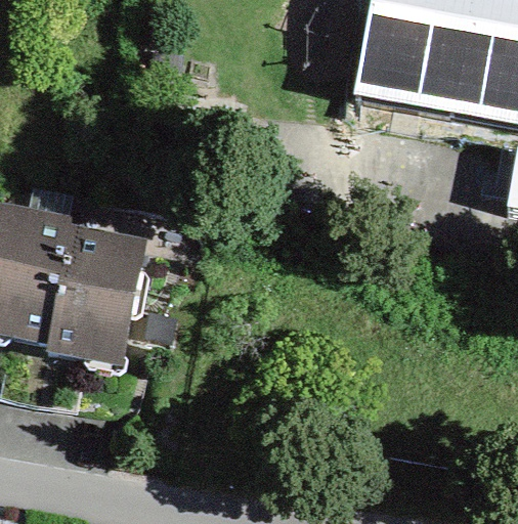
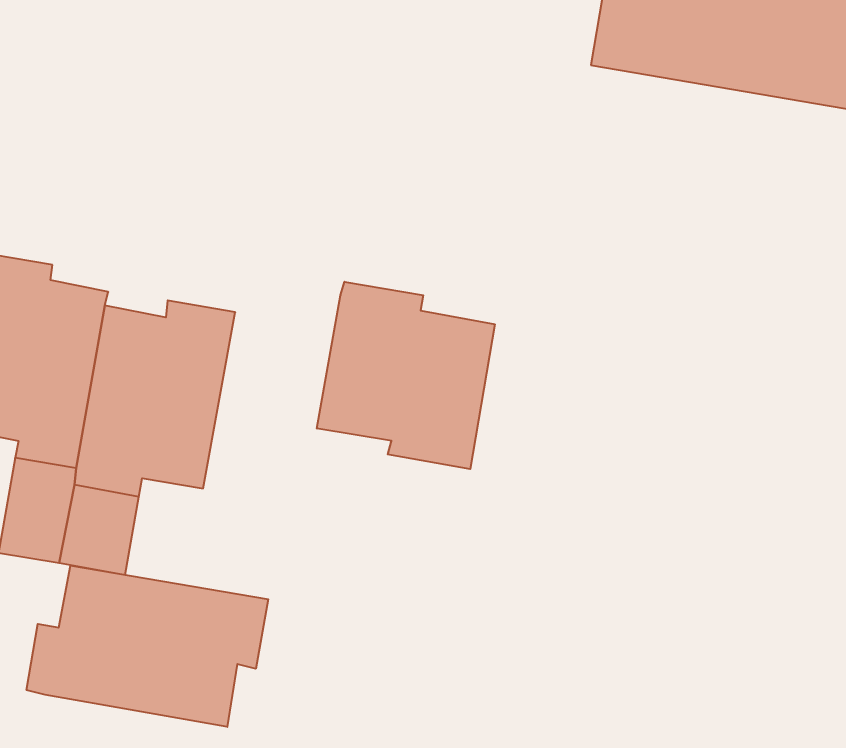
building: none -> [317,282,495,469]
building: none -> [27,565,268,727]

